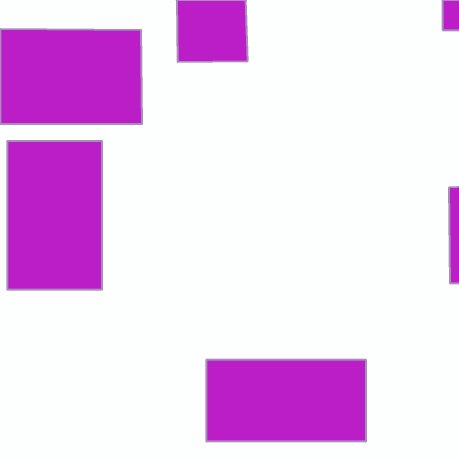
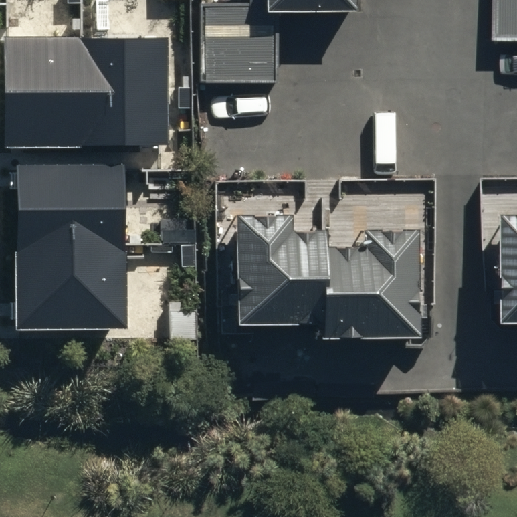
building: none -> [232,214,429,337]
building: [207,360,366,442] -> none

